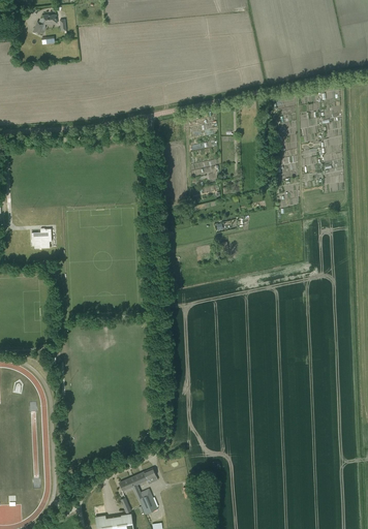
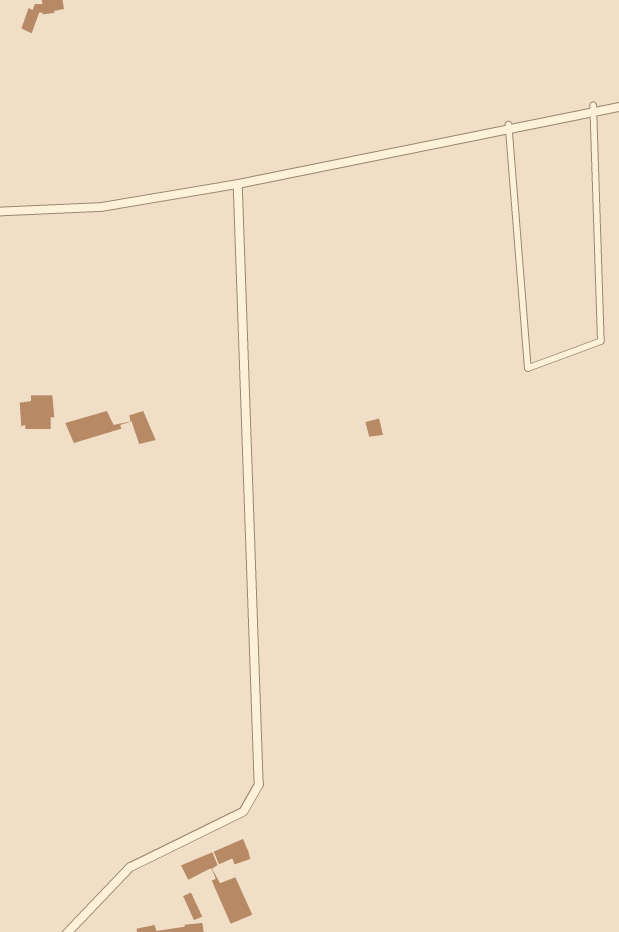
building: none -> [64,410,157,445]

